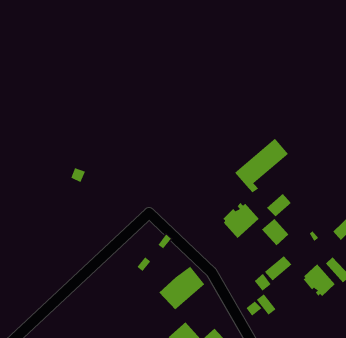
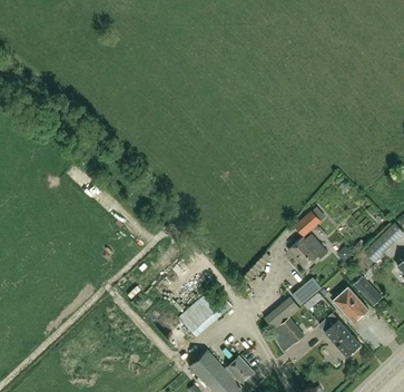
building: [234,138,289,193] -> none
building: [222,202,260,239] -> none
building: none -> [319,314,361,356]

